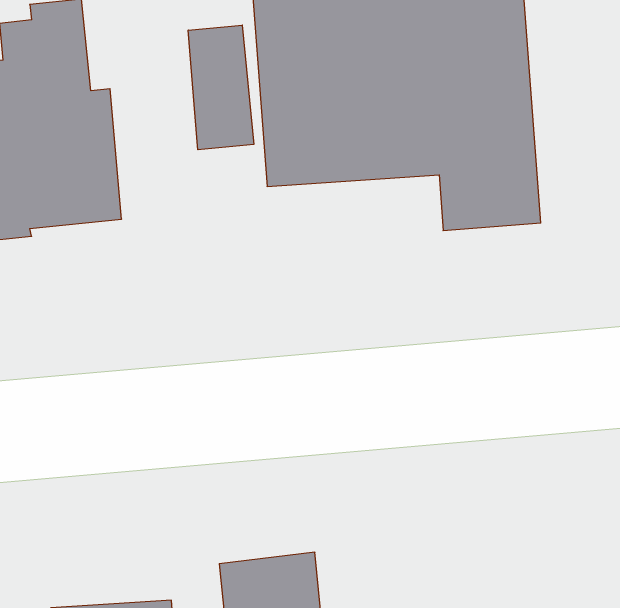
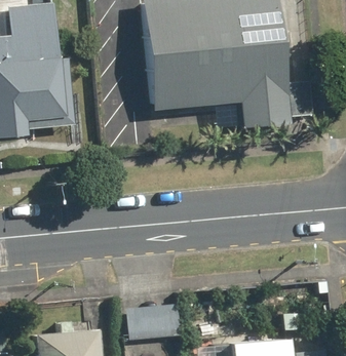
building: [188,25,254,150] -> none

